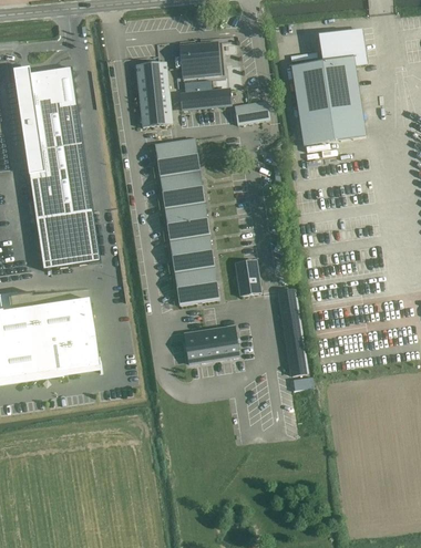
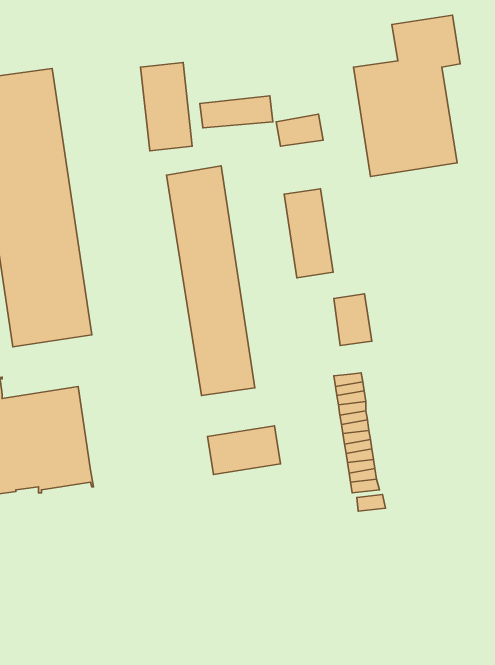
building: [174,41,219,79] -> none
building: none -> [284,189,333,278]
building: [234,258,261,296] -> [334,294,372,346]

